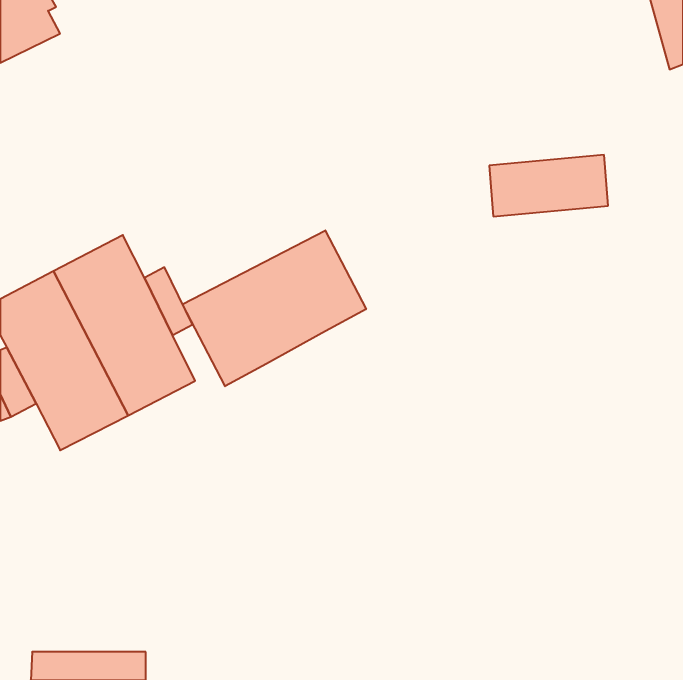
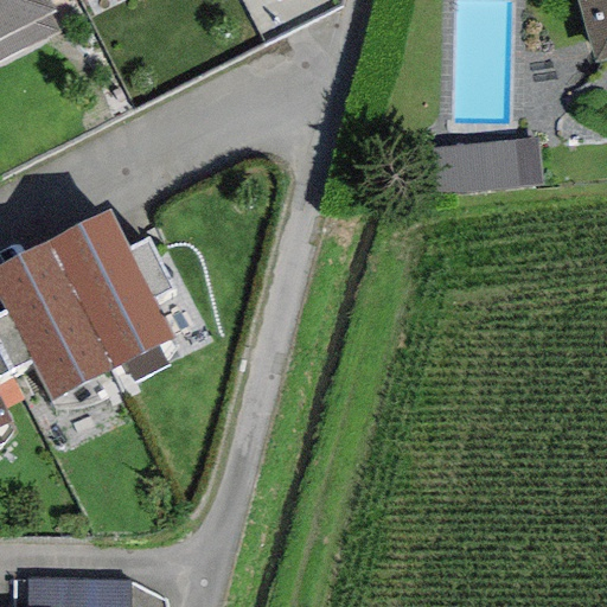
building: [183,230,366,386] -> none

